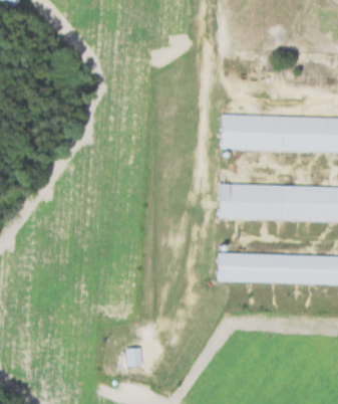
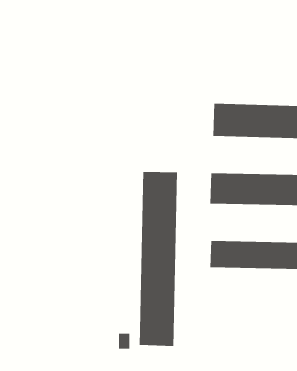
building: none -> [139,171,178,347]

